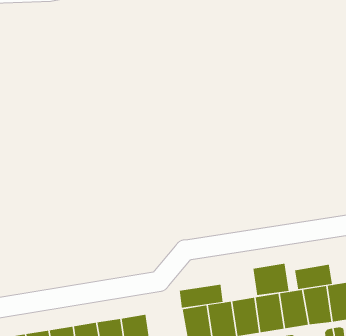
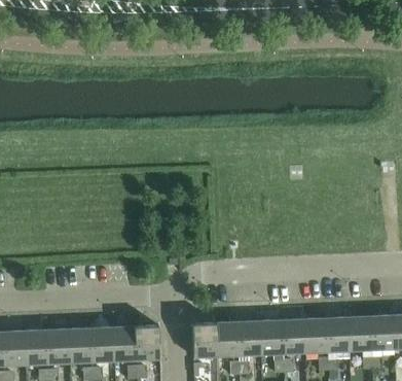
building: [253,263,289,296] -> none
building: [295,264,332,290] -> none
building: [179,284,223,309] -> none

